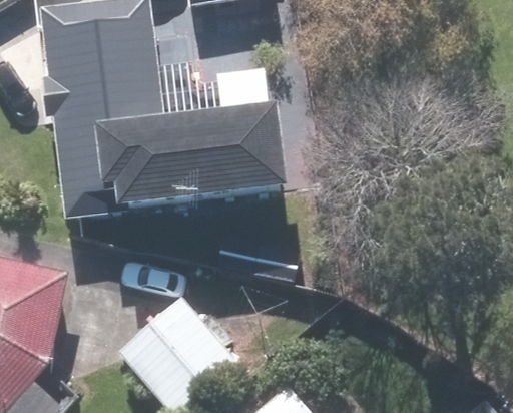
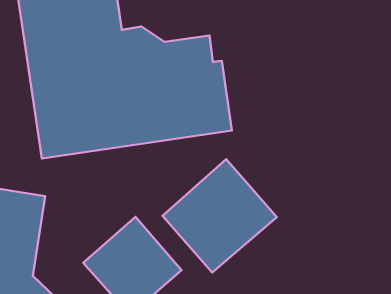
building: none -> [162,159,277,272]

